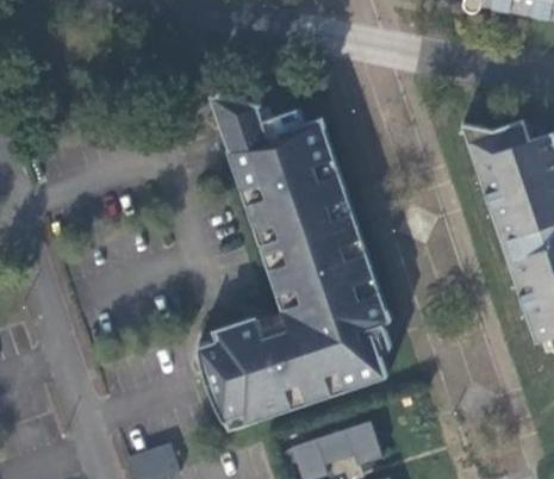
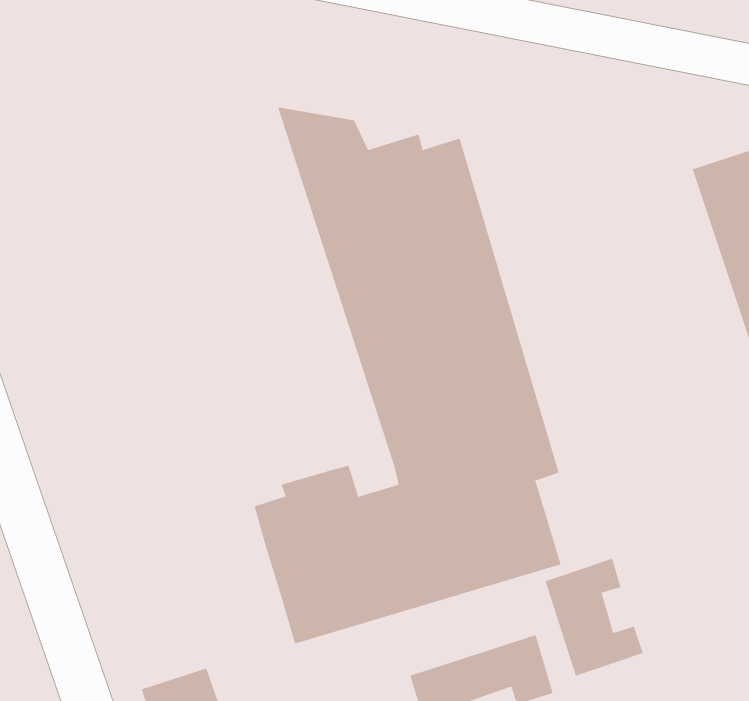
building: none -> [545,558,644,677]

